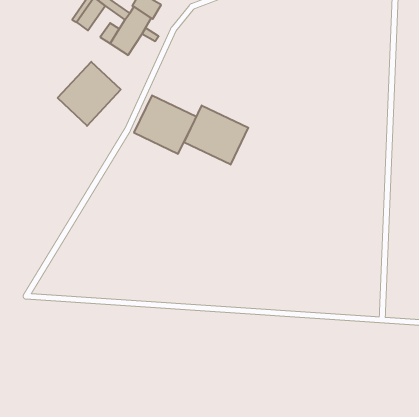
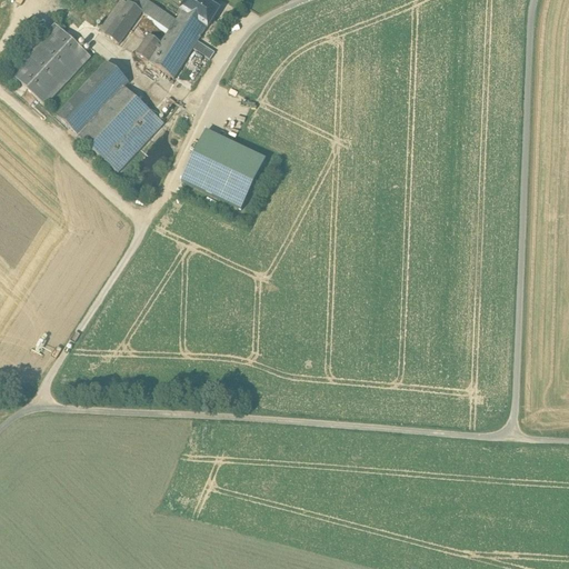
building: none -> [11,21,91,102]
building: none -> [58,59,129,132]
building: [184,105,248,165] -> none

